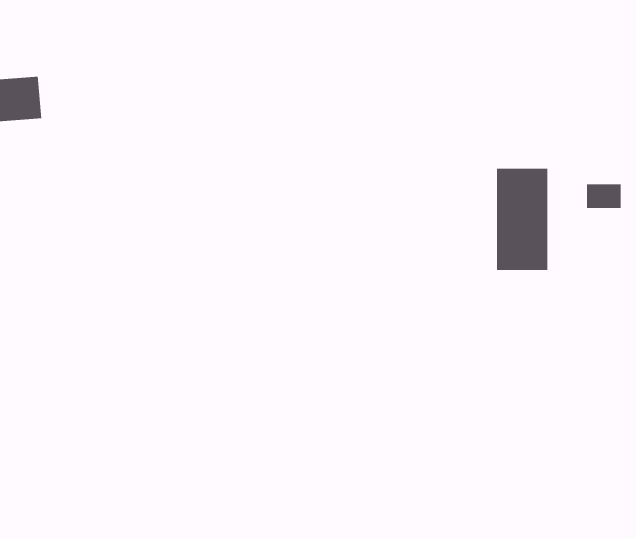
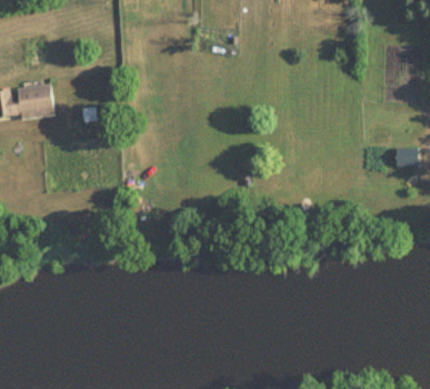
building: [496,168,548,271] -> none

